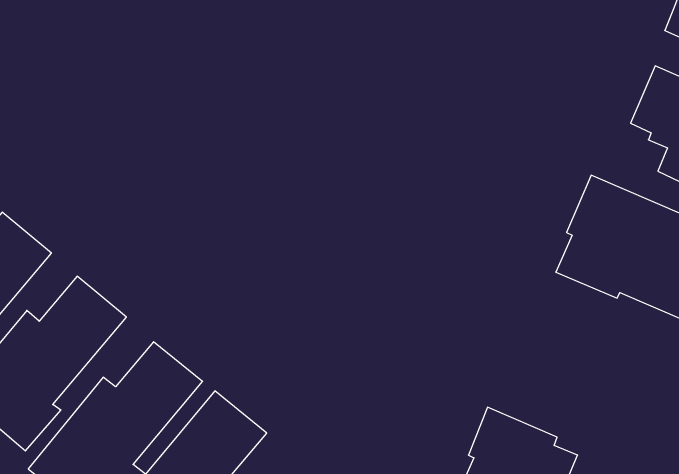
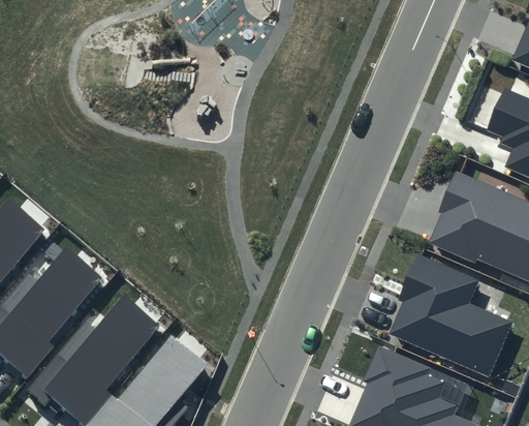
building: none -> [387,254,514,378]

